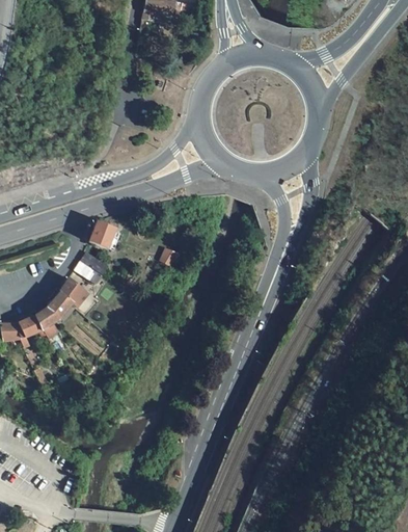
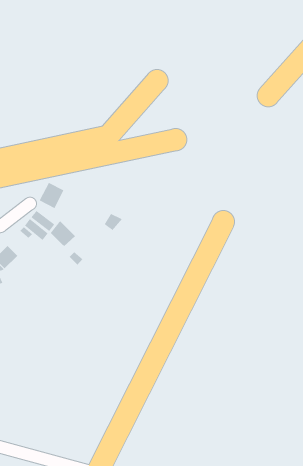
building: [59,277,87,305] -> [50,220,76,247]

